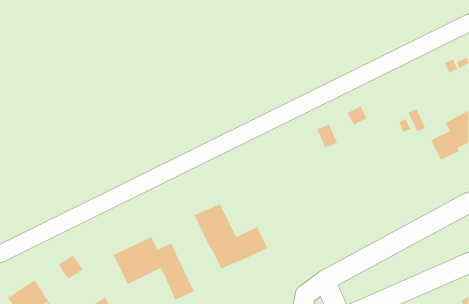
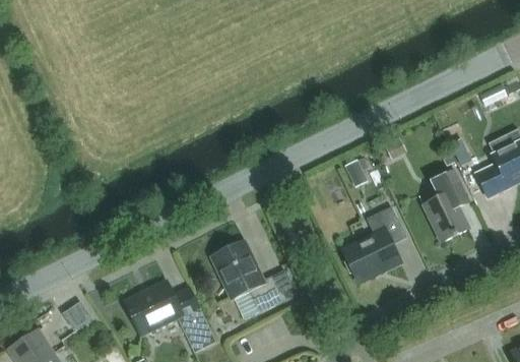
building: none -> [424,171,470,242]
building: none -> [343,206,407,283]

